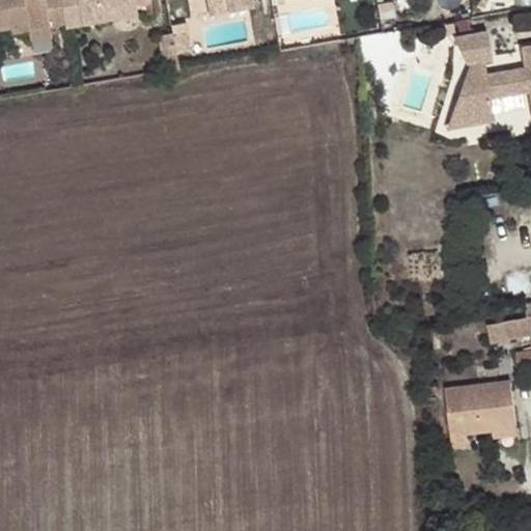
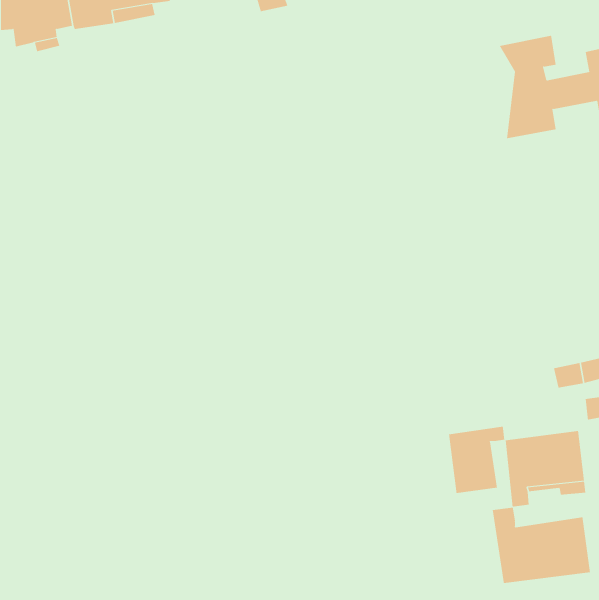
building: none -> [448,426,505,494]
building: none -> [492,507,590,584]

